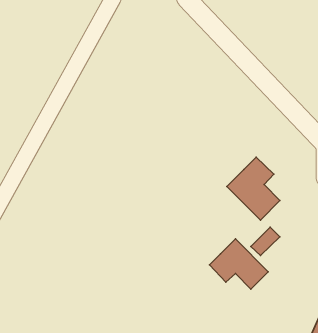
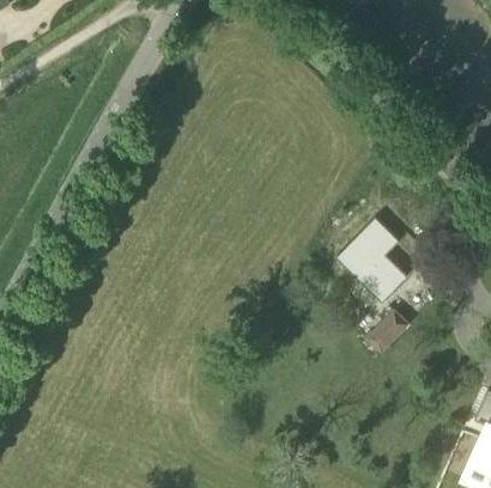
building: [209,239,268,289] -> none

